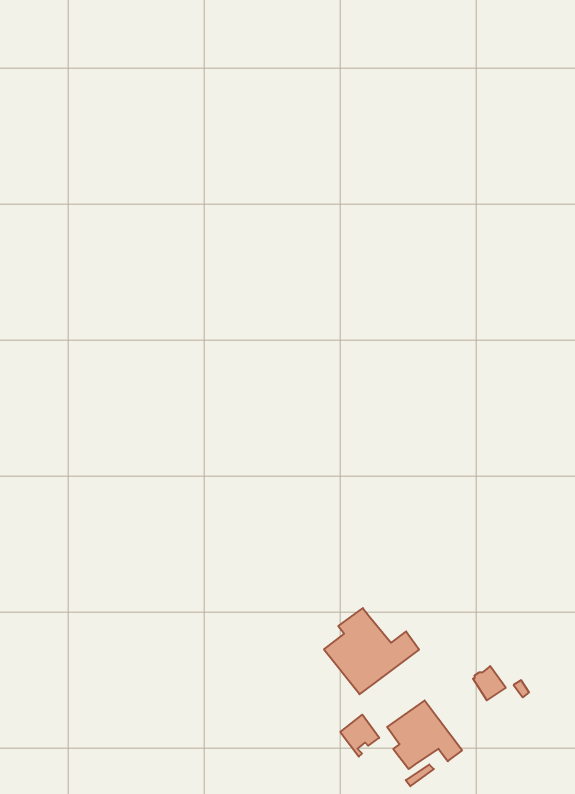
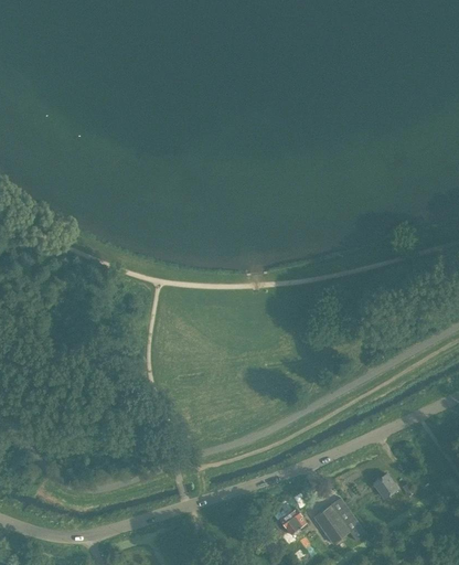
building: [324,608,419,694] -> none

